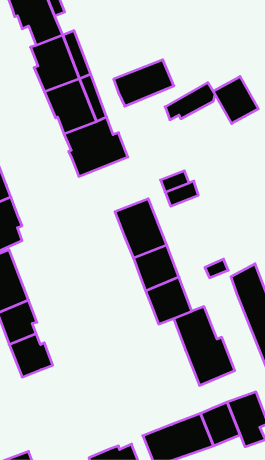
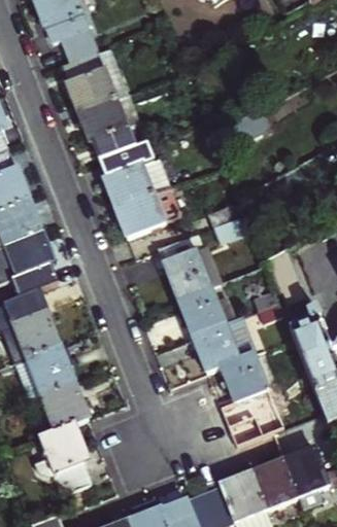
building: [114,60,174,106] -> [116,185,183,237]
building: [213,76,258,124] -> none
building: none -> [41,421,89,491]

